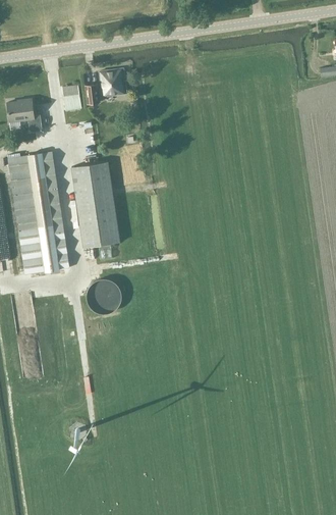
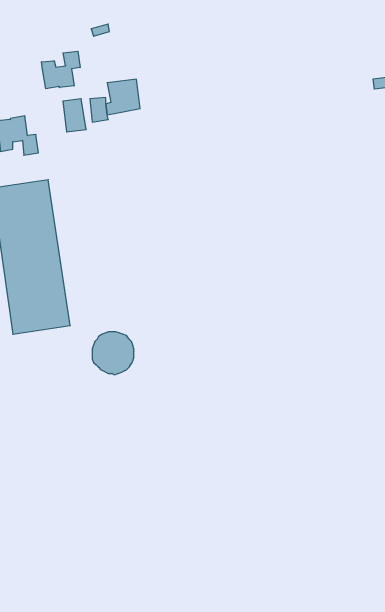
building: none -> [42,51,80,89]
building: [71,161,119,247] -> none

